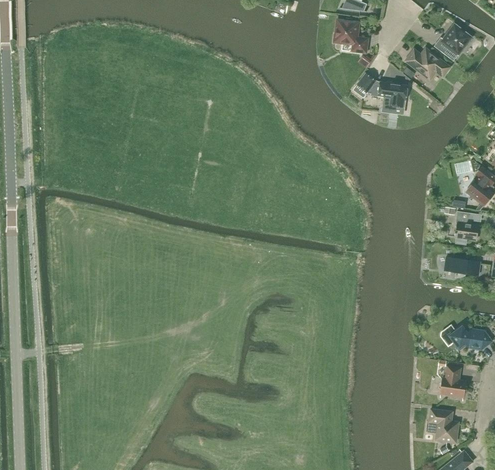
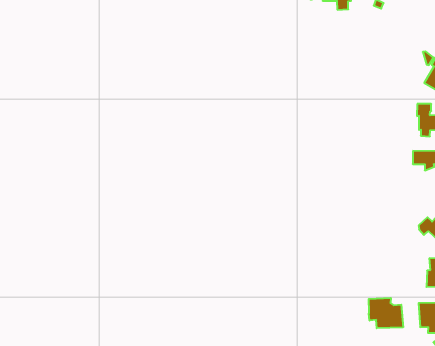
building: none -> [369,298,403,328]

